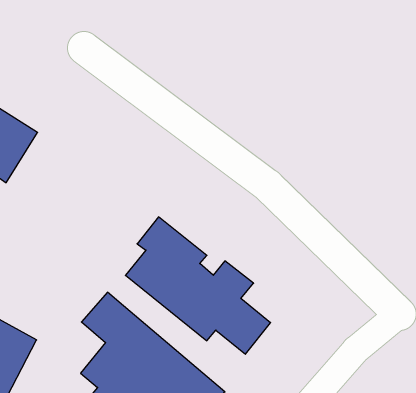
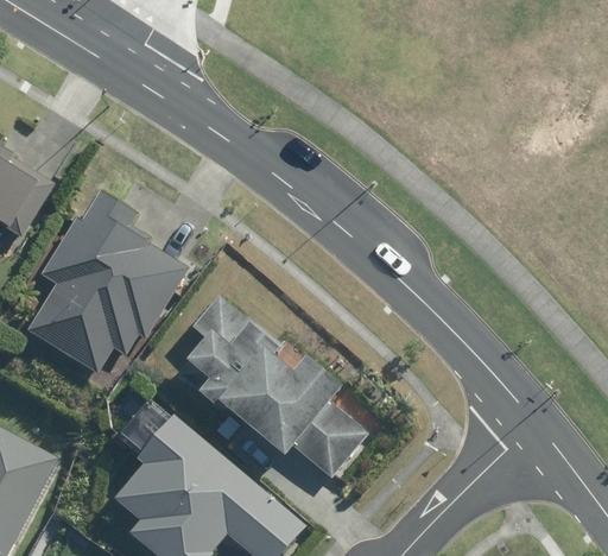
building: none -> [24,187,188,378]

